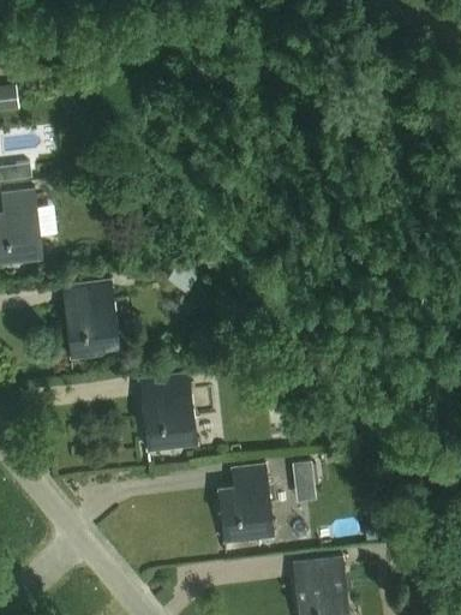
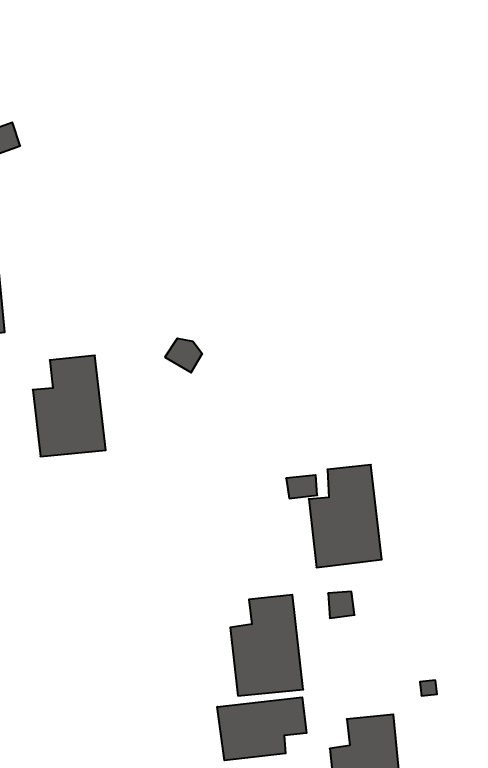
building: [140,371,197,450] -> [309,465,382,567]
building: none -> [217,697,307,760]

